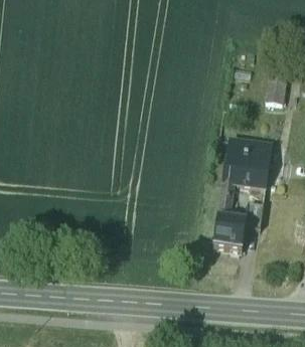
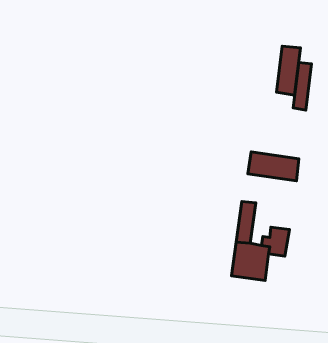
building: none -> [276,46,301,95]
building: [221,166,269,196] -> none

